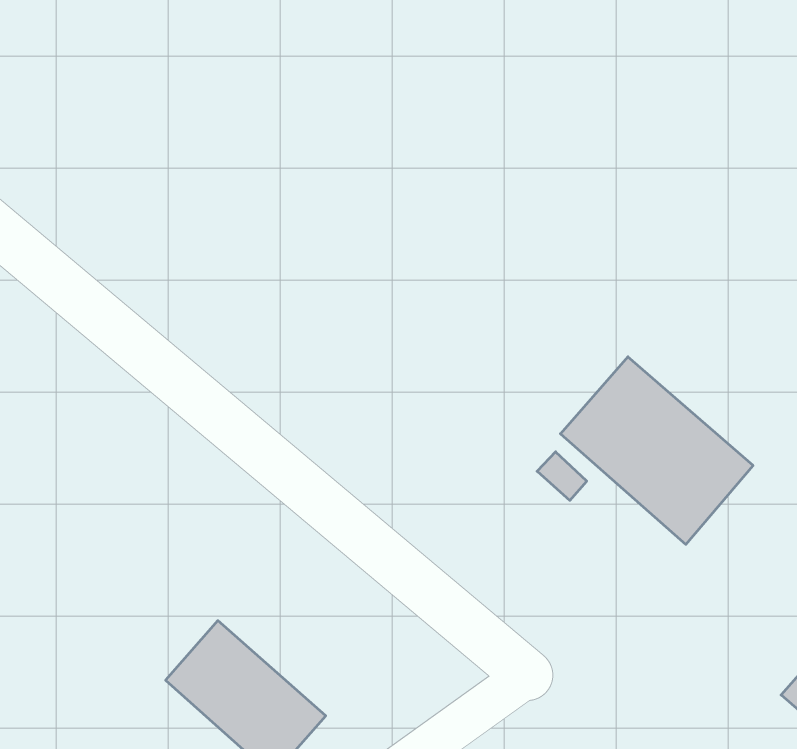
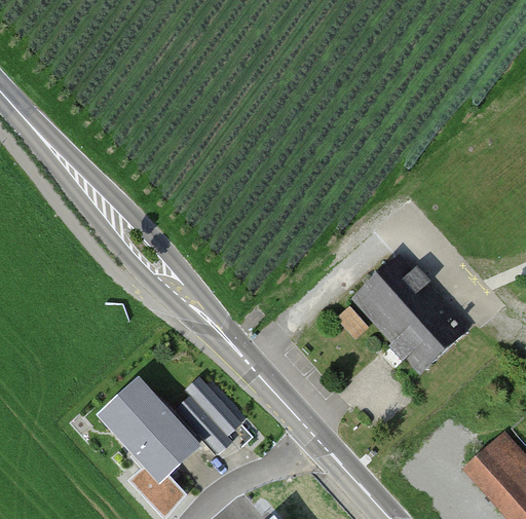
building: none -> [177,378,237,452]

